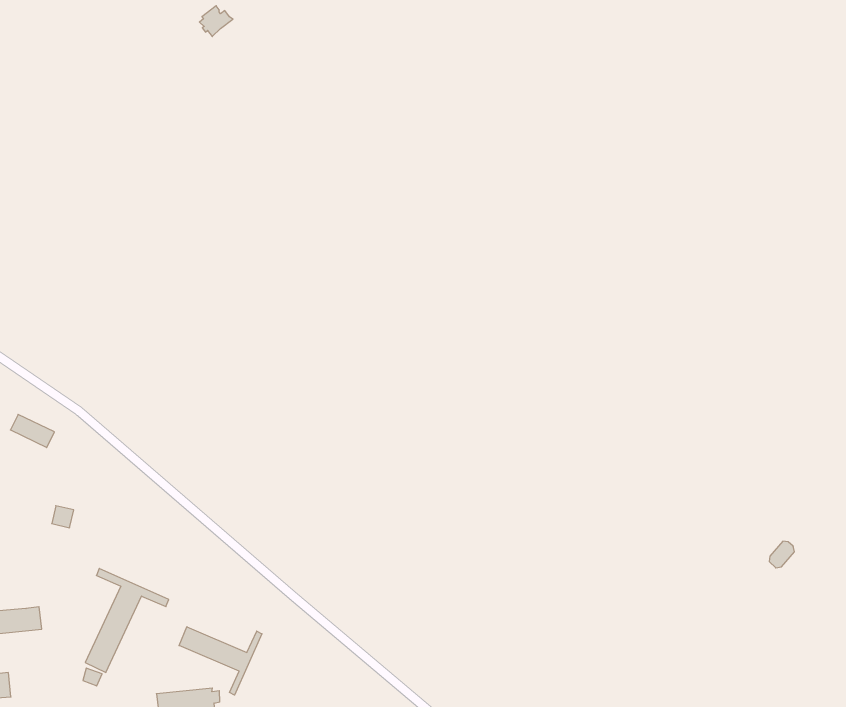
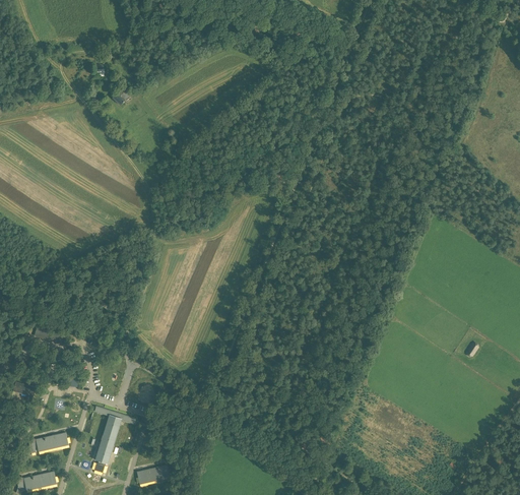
building: [179,627,262,695] -> none

